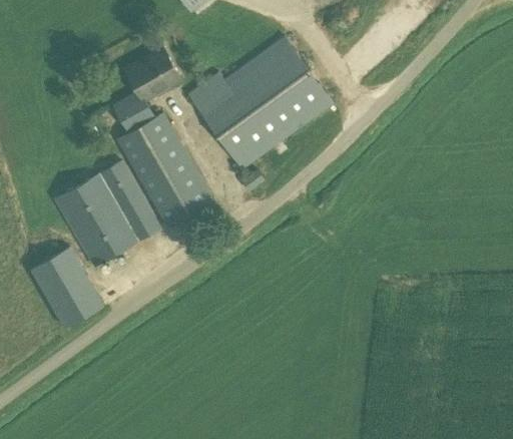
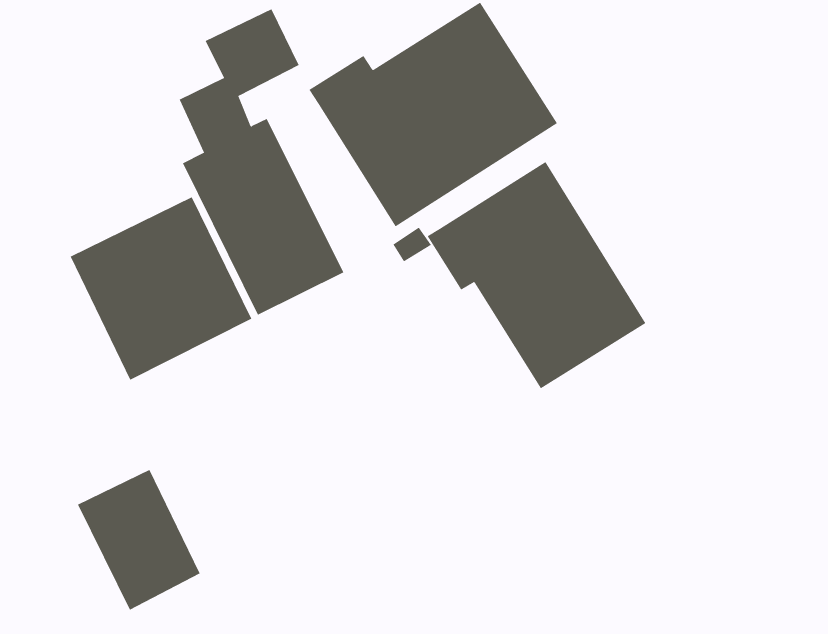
building: none -> [427,161,646,389]
building: [31,247,105,330] -> [77,469,201,611]

